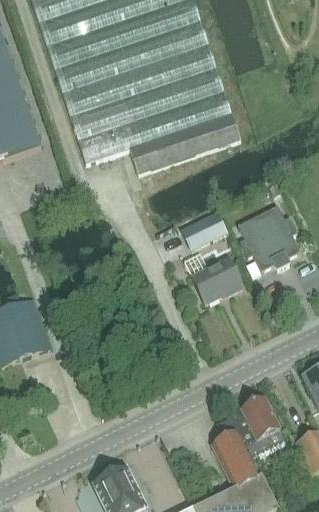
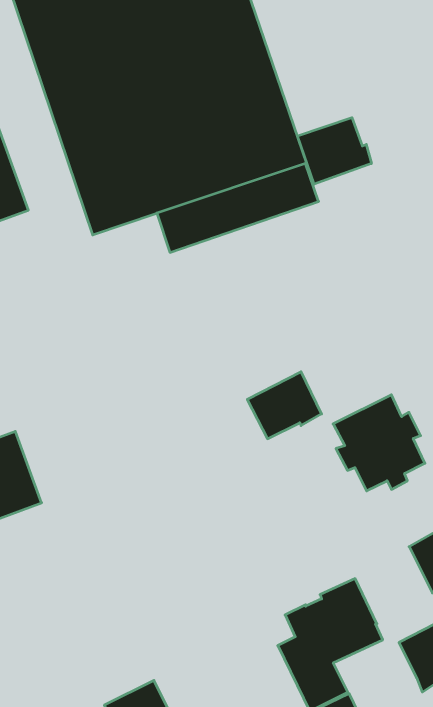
building: none -> [298,118,371,184]
building: [237,204,300,270] -> [333,395,425,491]
building: [181,211,227,248] -> none

